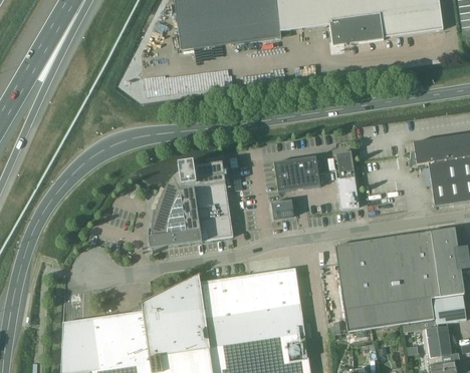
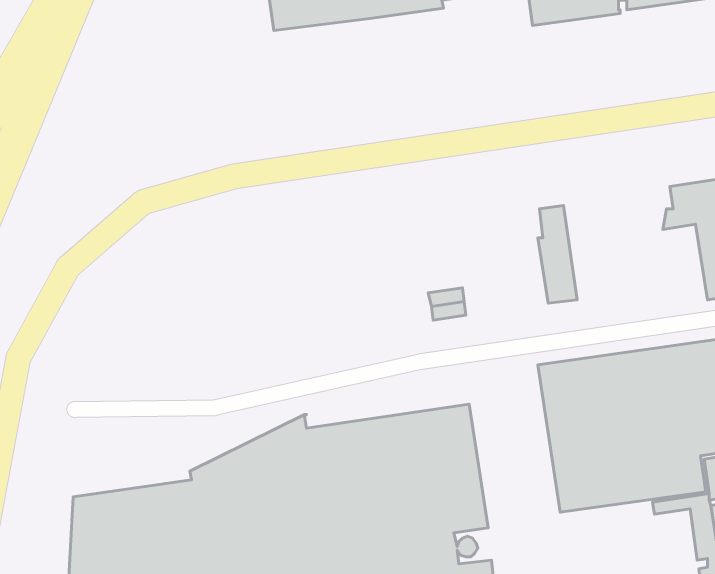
building: [273,154,320,191] -> none
building: [152,161,233,252] -> none

